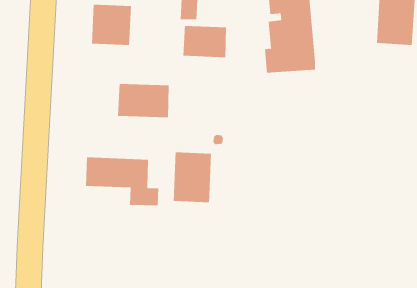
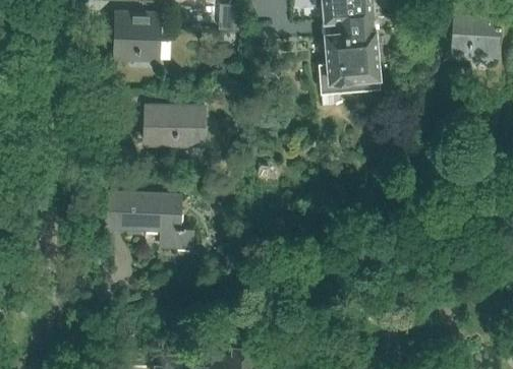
building: [183,25,227,58] -> none
building: [173,152,211,203] -> none

